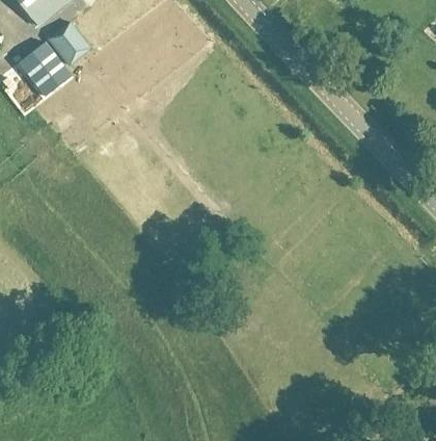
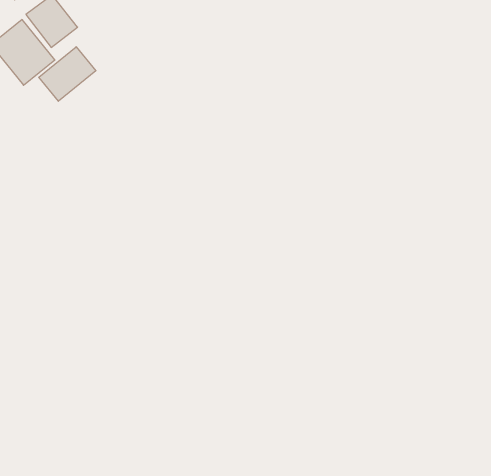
building: none -> [39,47,96,101]

